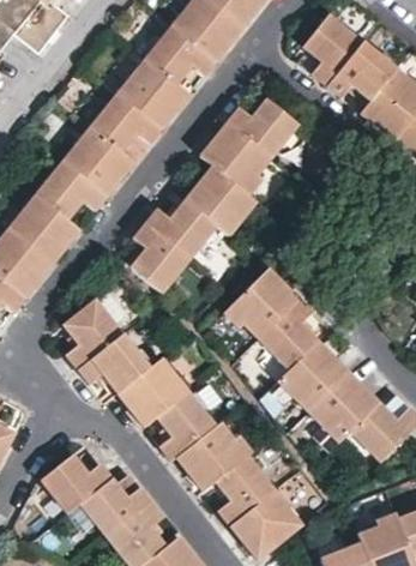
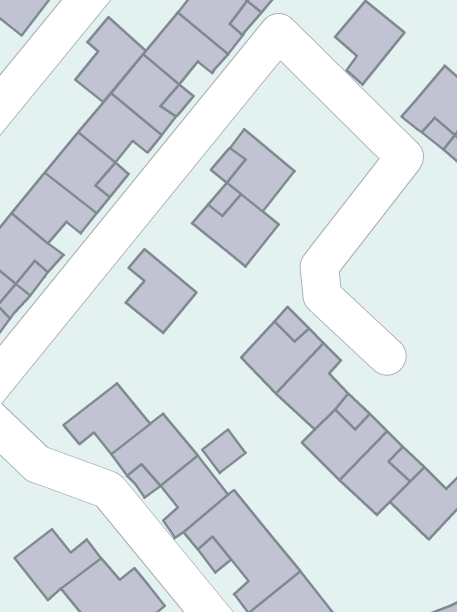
building: none -> [75,17,146,102]
building: [327,42,396,100] -> none
building: [229,101,297,157] -> none
building: [146,200,217,258] -> none
building: [64,300,123,368] -> none

